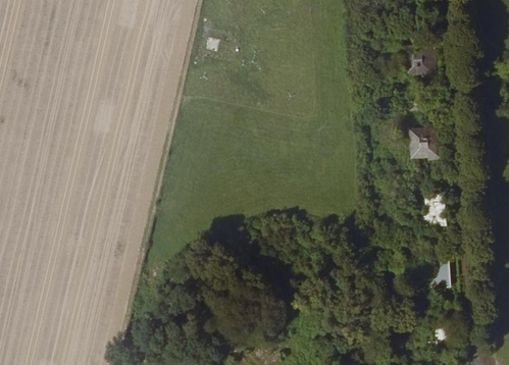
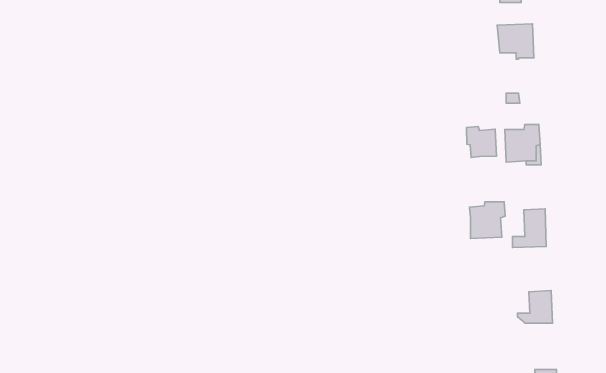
building: none -> [467,127,496,157]
building: none -> [470,202,505,238]

